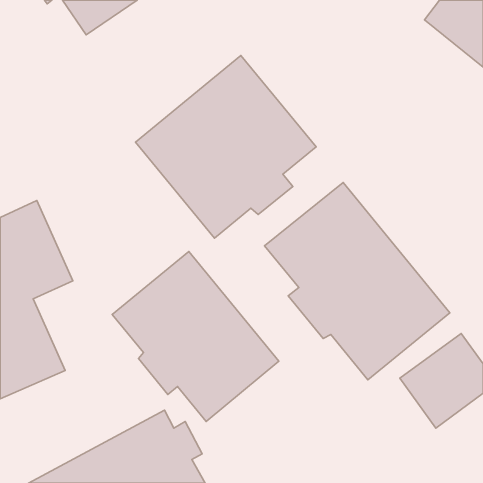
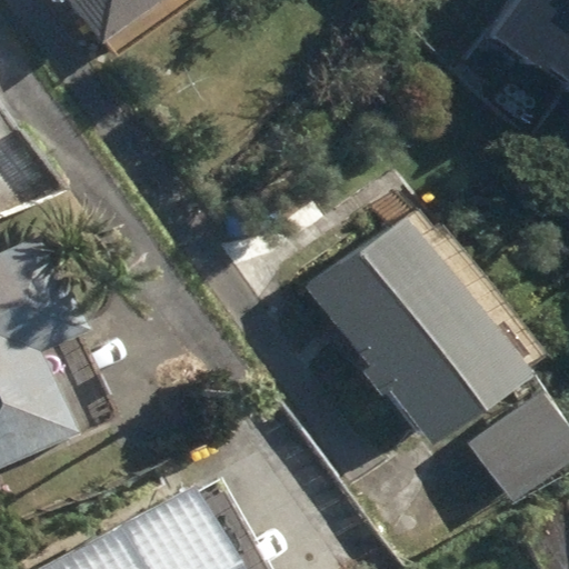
building: [135,56,316,238] -> none
building: [112,251,279,421] -> none

